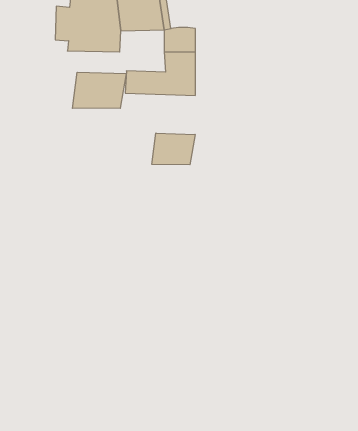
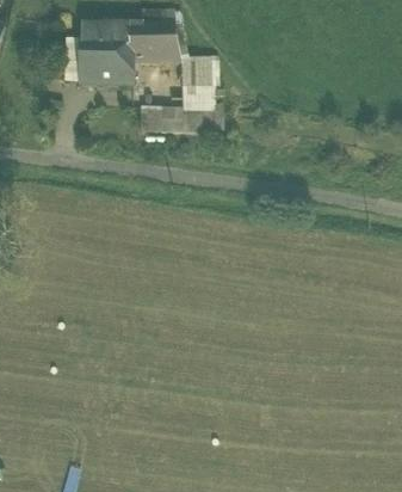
building: [72,72,126,108] -> none
building: [152,133,195,165] -> none

